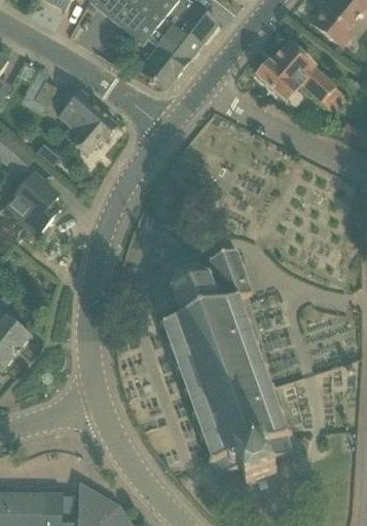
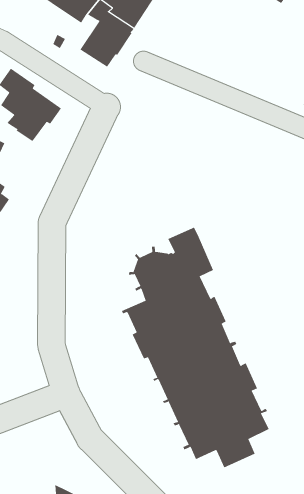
building: [256,42,345,110] -> none

